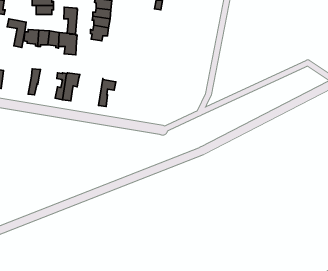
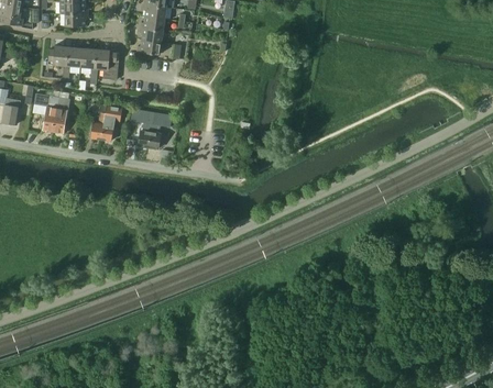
building: [64,7,77,34] -> none
building: [7,19,26,47] -> [33,93,58,132]
building: none -> [130,108,153,147]

